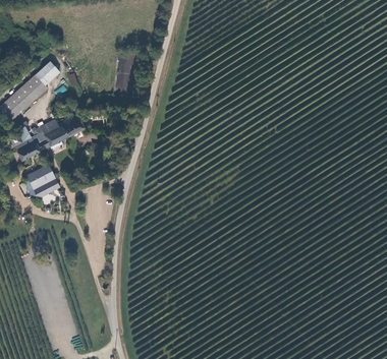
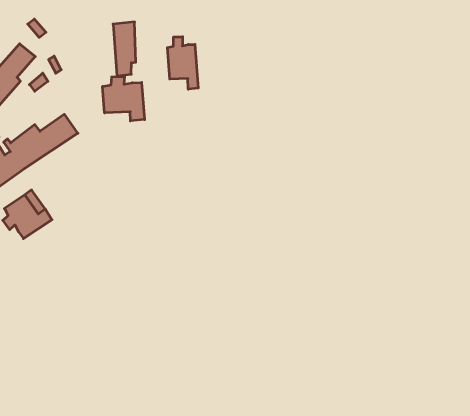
building: none -> [167,37,198,89]
building: none -> [103,76,145,121]

